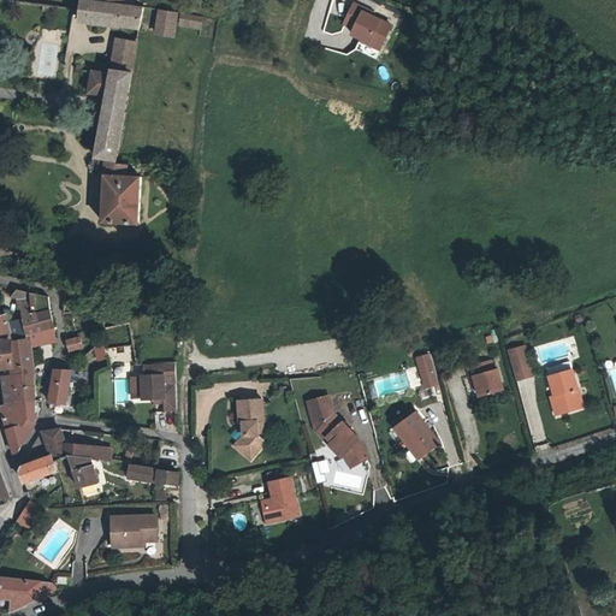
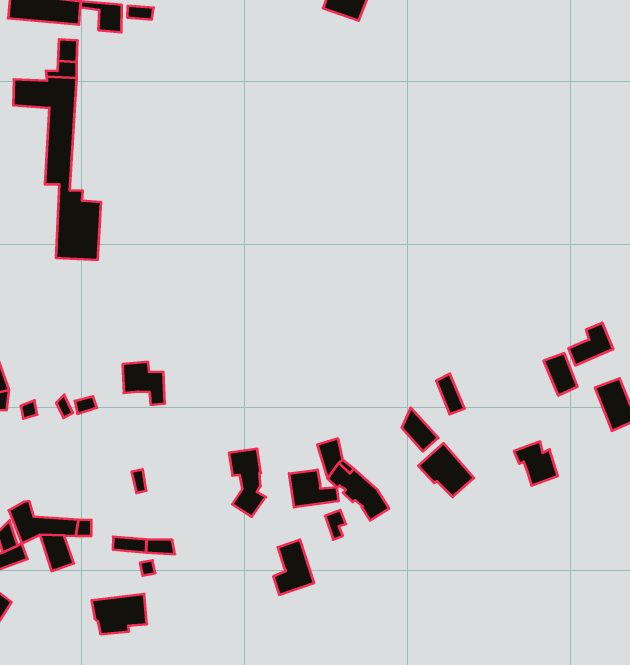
building: none -> [569,323,613,365]
building: [463,362,498,398] -> [514,442,558,485]
building: [49,367,75,403] -> none
building: [141,371,176,407] -> [123,362,165,405]
building: none -> [402,408,438,451]
building: none -> [289,470,338,507]

